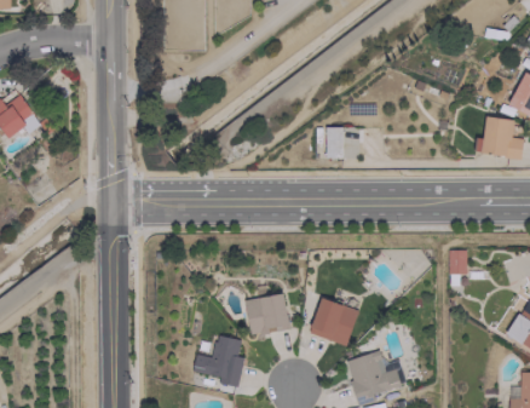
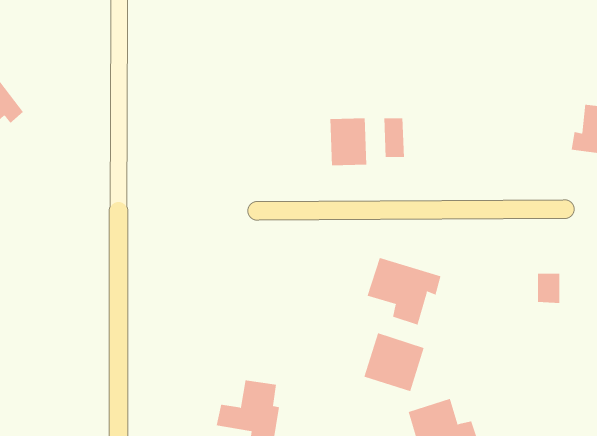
building: none -> [330,117,367,166]
building: none -> [367,257,441,326]
building: [246,294,288,334] -> none

